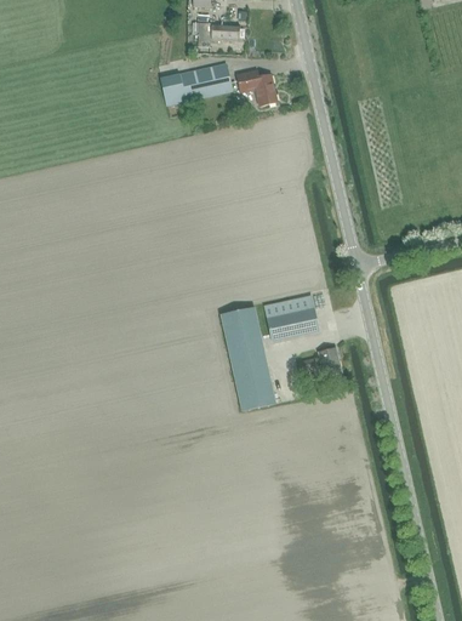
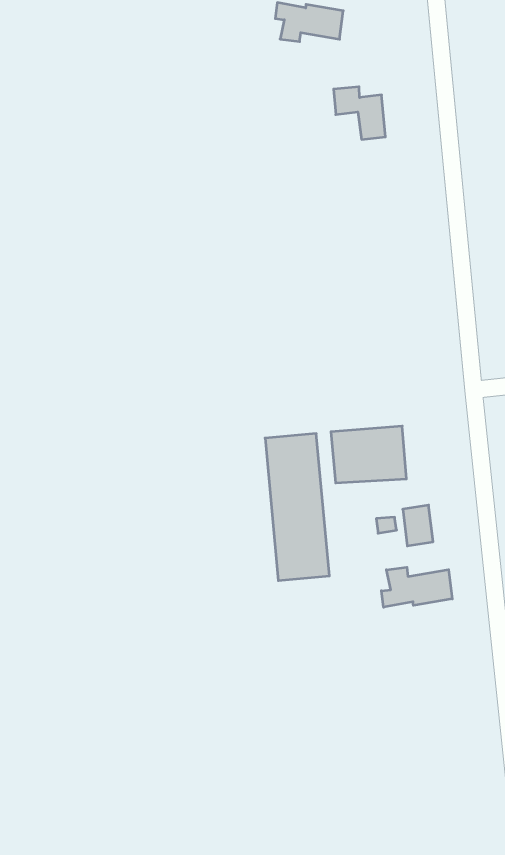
building: [160,62,233,104] -> none
building: none -> [381,567,452,607]

